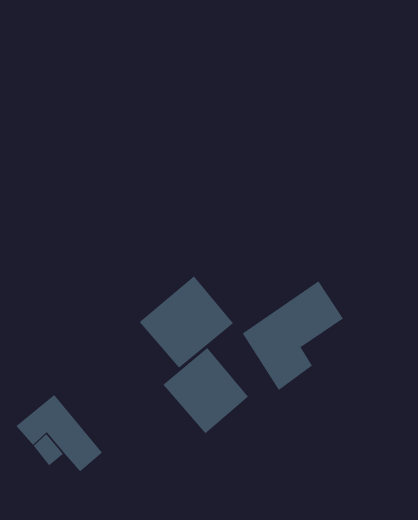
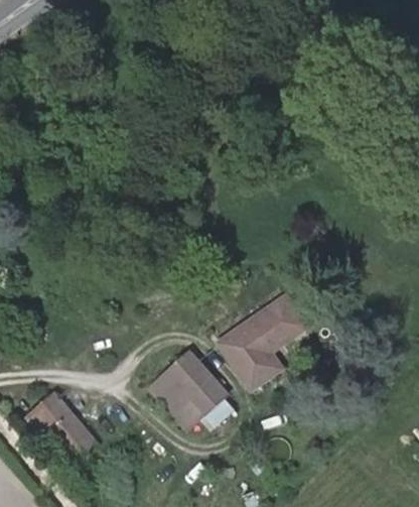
building: [139,275,234,369] -> none

